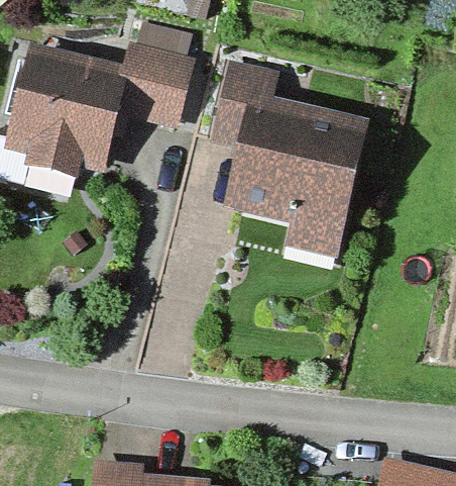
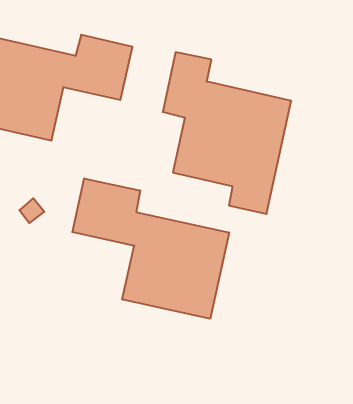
building: none -> [72,178,229,319]

